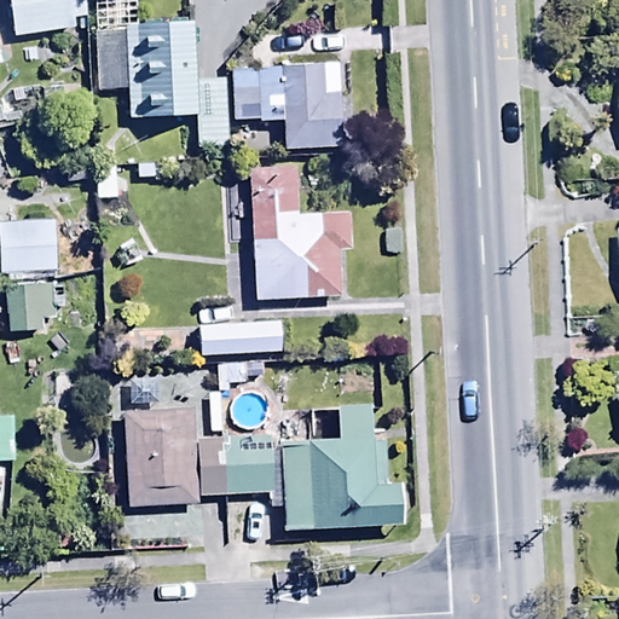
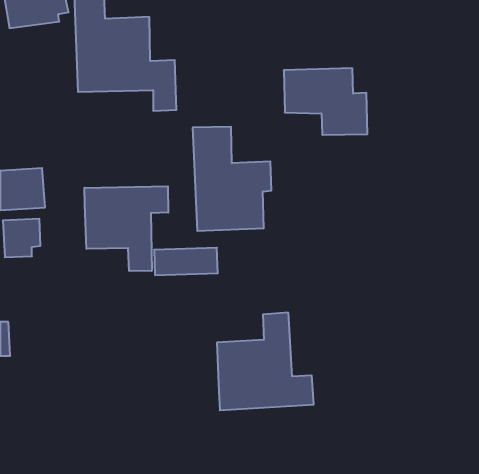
building: [235,62,342,147] -> [284,68,367,135]
building: none -> [84,186,168,271]
building: [123,405,283,508] -> none

